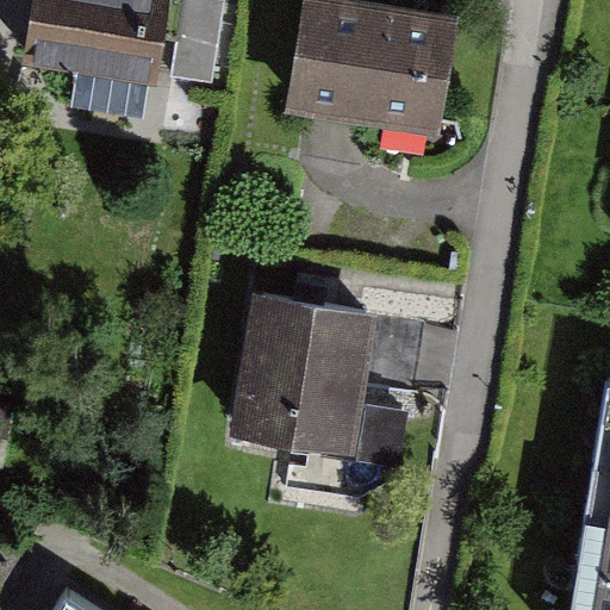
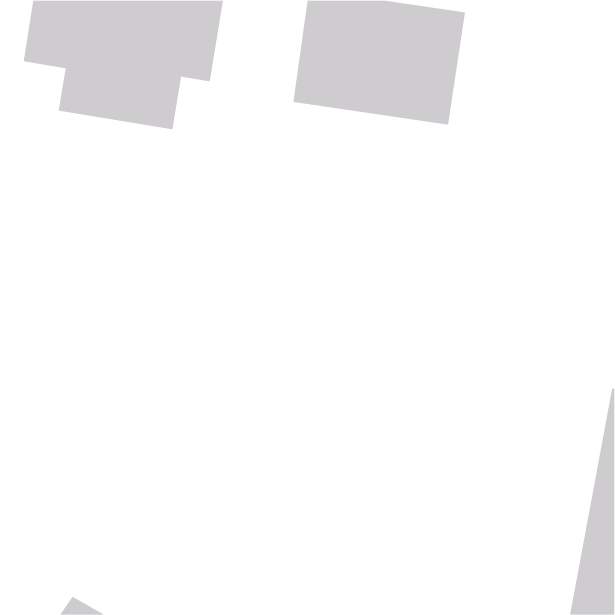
building: [238,297,379,455] -> none

